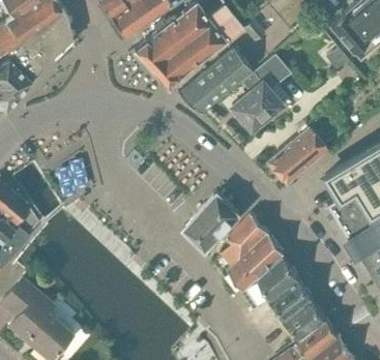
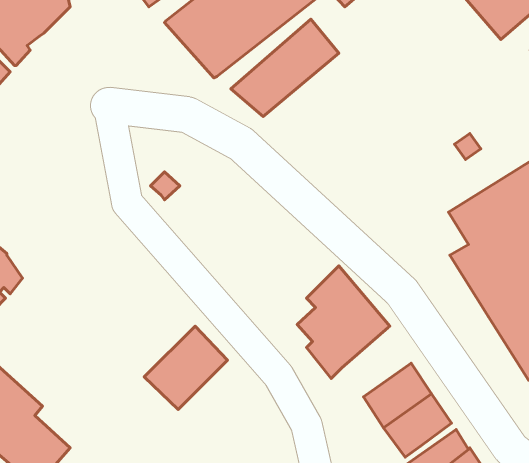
building: [231,55,289,130] -> none
building: [266,126,326,184] -> none
building: [183,191,239,247] -> [144,326,228,409]
building: [245,254,299,307] -> none

